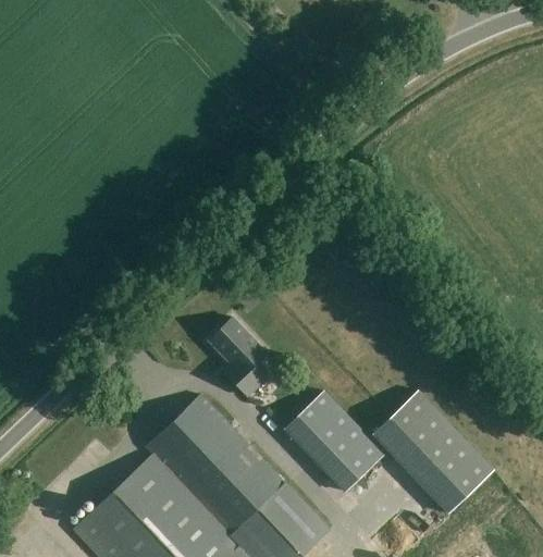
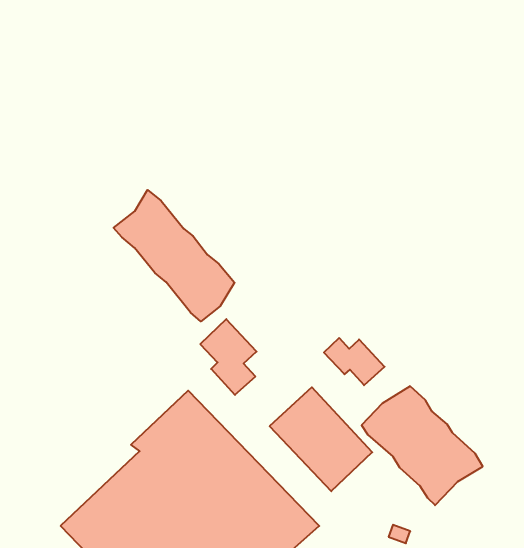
building: none -> [114,190,235,321]
building: none -> [324,338,385,385]

